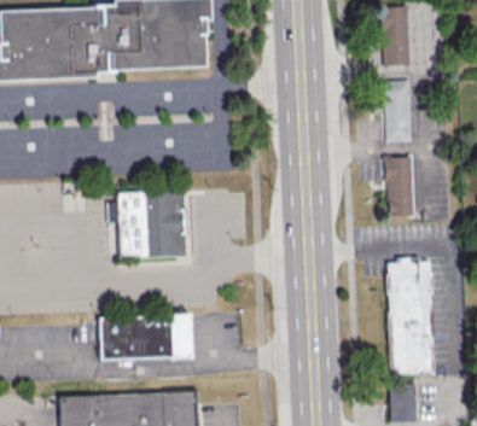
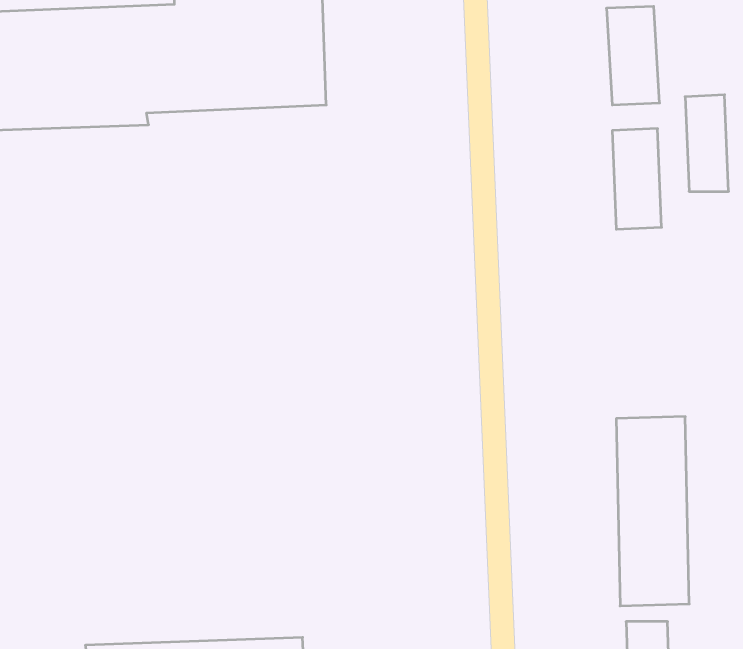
building: [386,157,413,216] -> [685,95,729,191]
building: [109,189,187,259] -> none
building: [101,316,192,360] -> none

